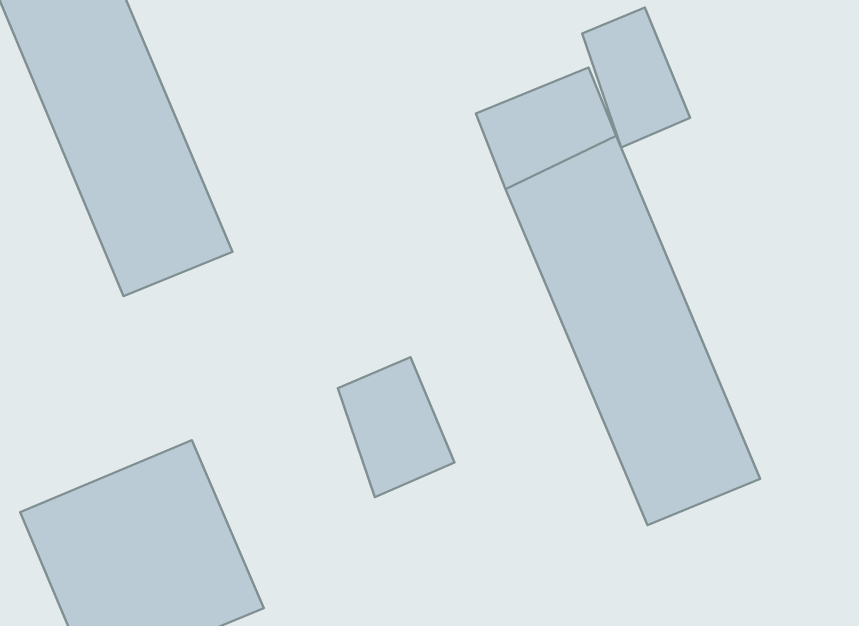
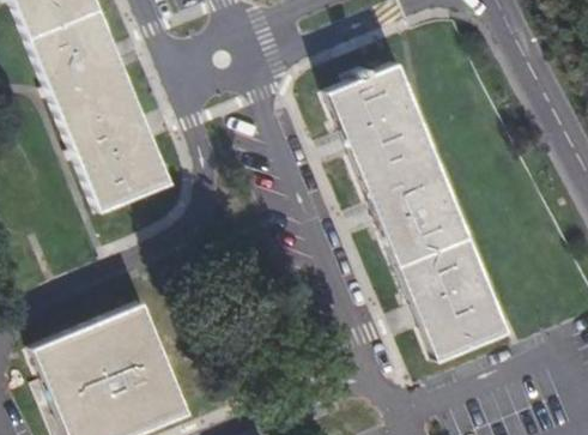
building: [582,8,690,147] -> none
building: [338,357,454,497] -> none

